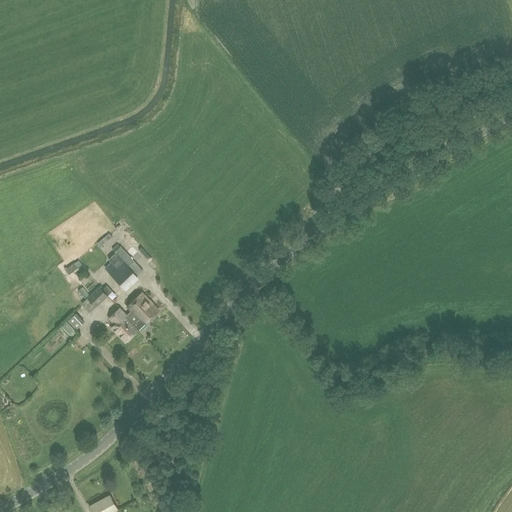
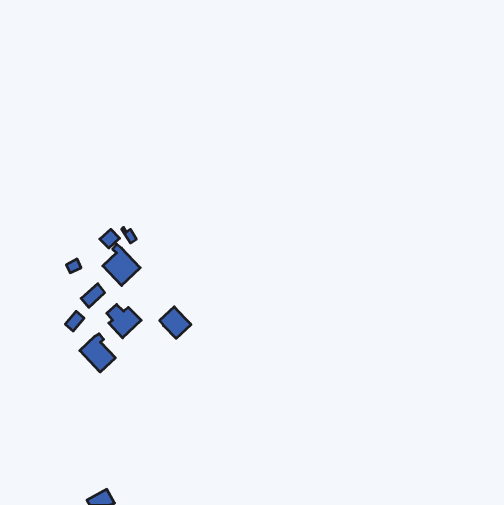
building: [126,292,158,324] -> [160,307,191,338]
building: none -> [80,334,115,372]

